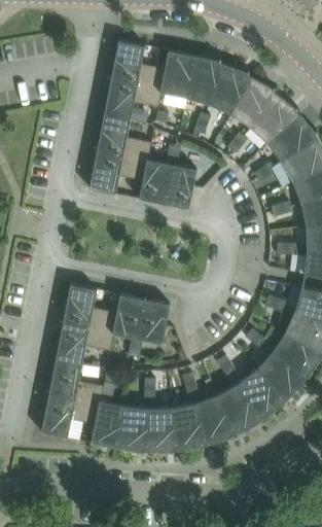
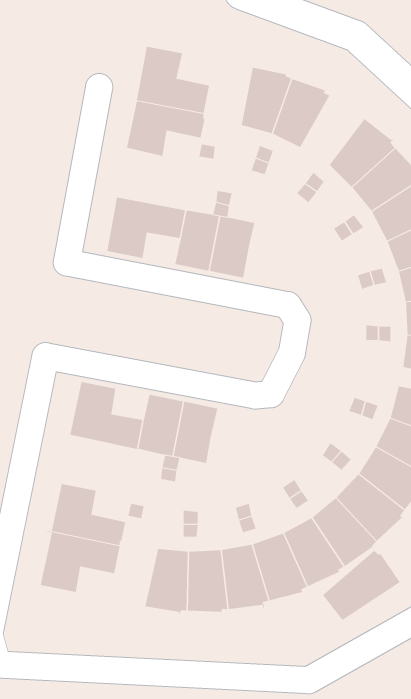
building: [159,51,193,99] -> none
building: [229,77,276,128] -> none
building: [93,115,151,161] -> none
building: [56,323,113,364] -> none
building: [91,401,126,449] -> none
building: none -> [322,550,401,621]

